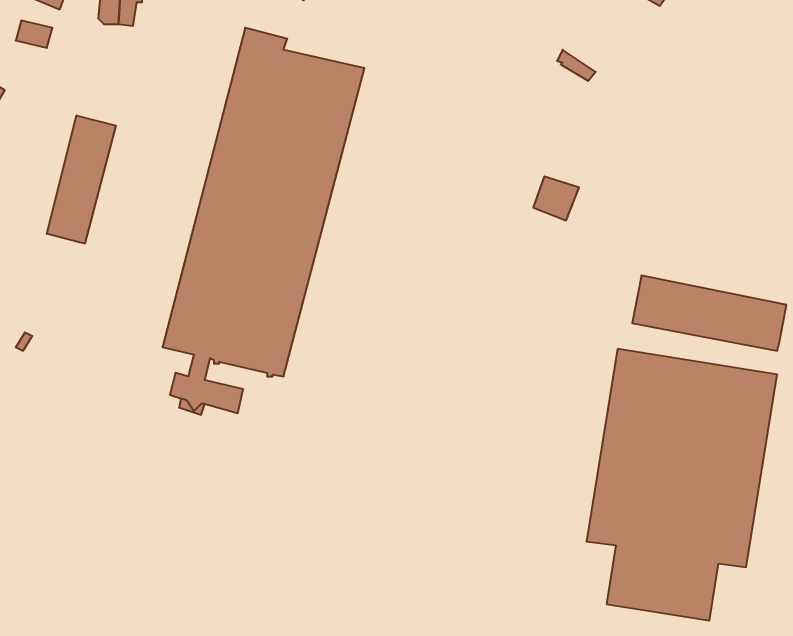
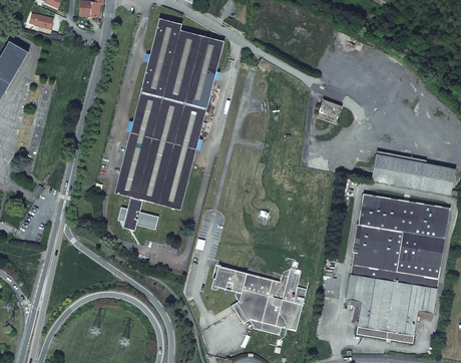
building: [47,115,116,244] -> none
building: none -> [211,265,307,335]

